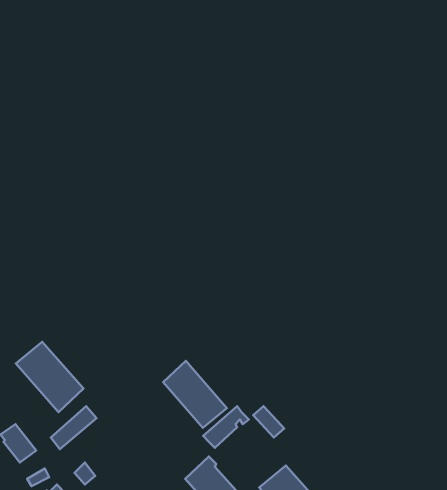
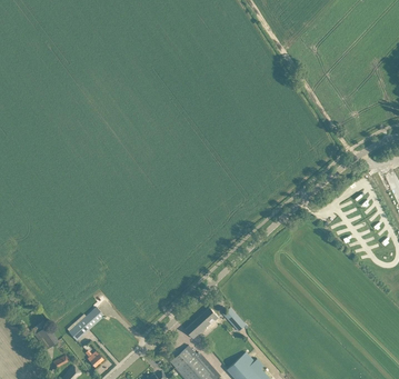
building: [16,342,83,412] -> none
building: [163,361,227,428] -> none

